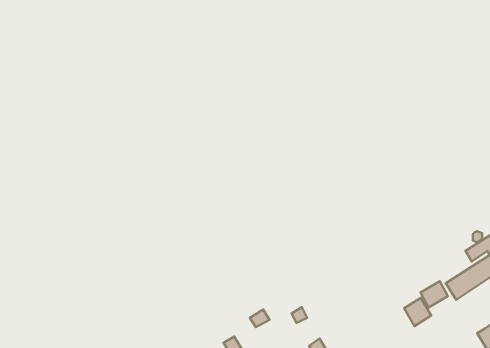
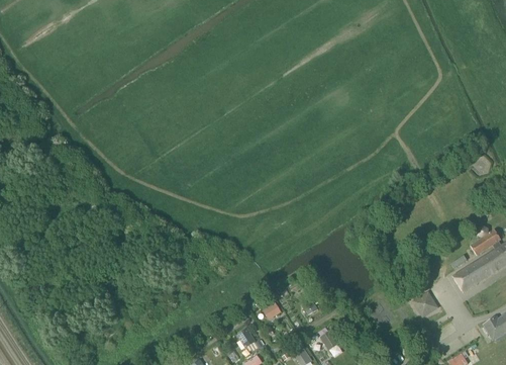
building: [420,281,448,308] -> none

